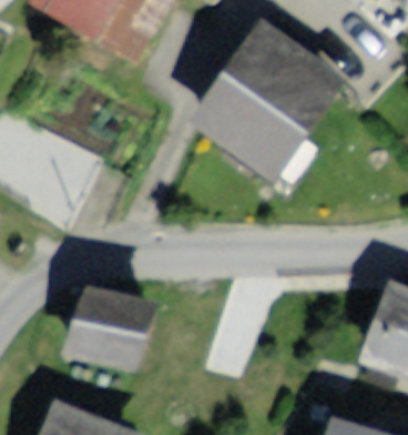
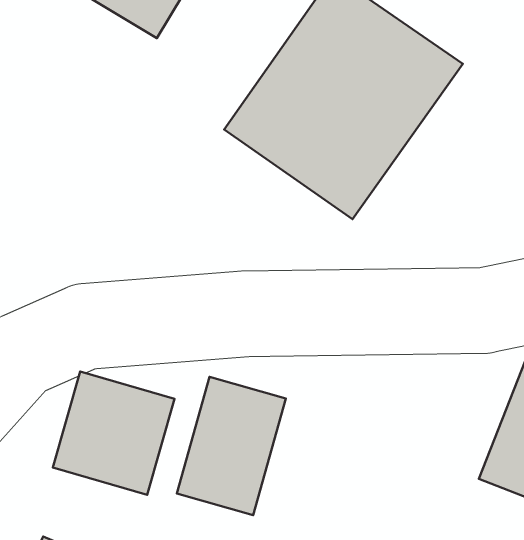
building: none -> [177,377,286,515]

